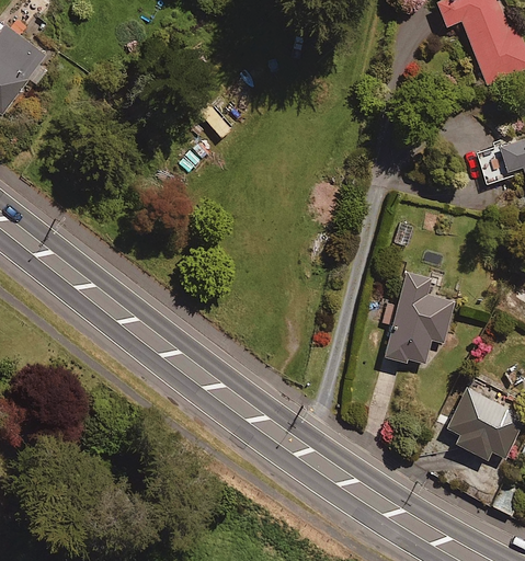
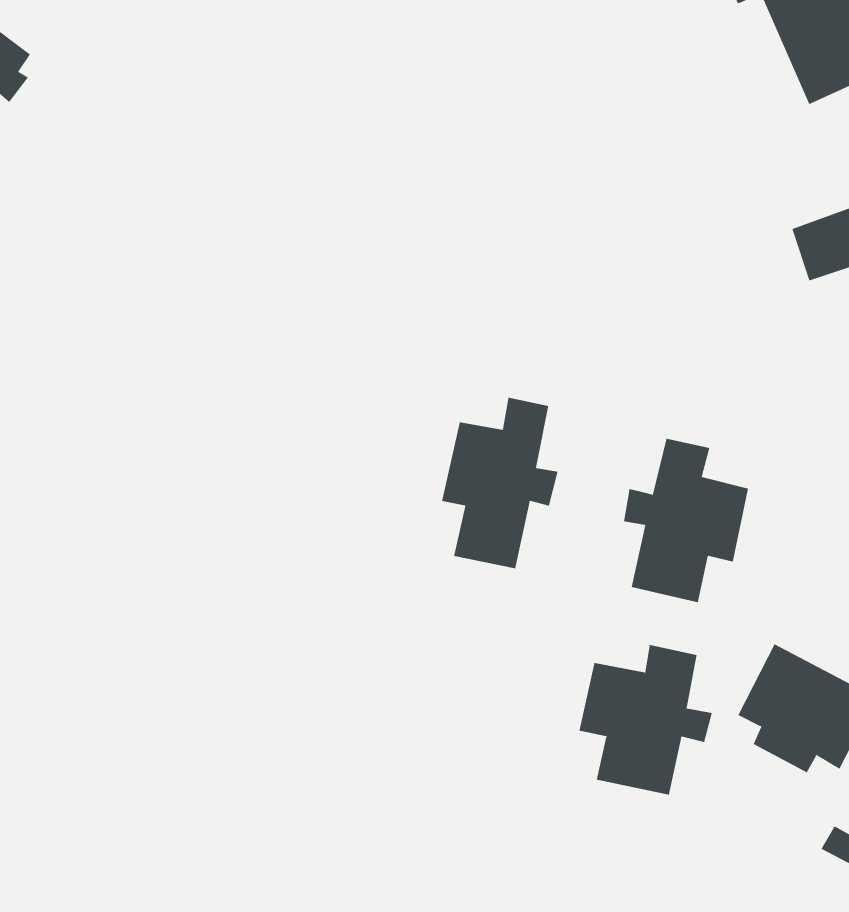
building: none -> [442,397,558,569]
building: none -> [579,644,712,795]

